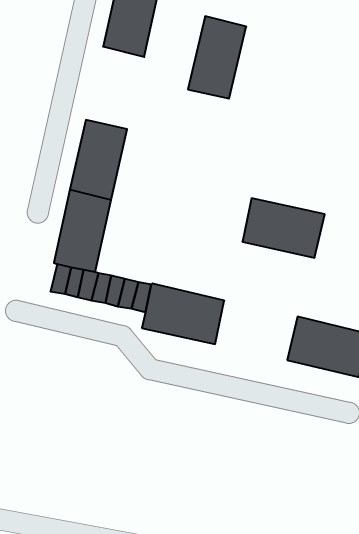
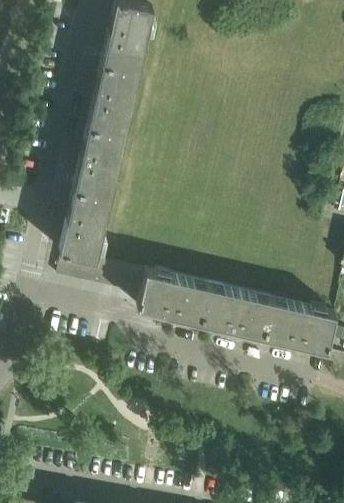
building: [188,16,246,99] -> [86,62,137,134]
building: [242,198,325,258] -> [199,284,271,336]

